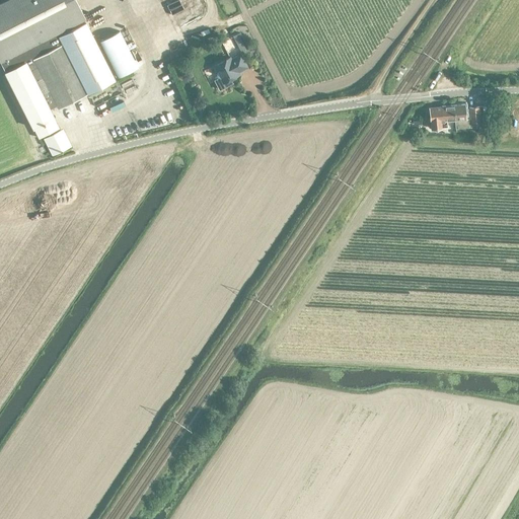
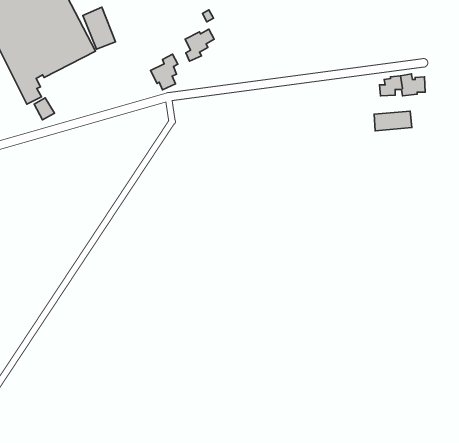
building: none -> [151,54,178,90]
building: none -> [374,111,412,131]

